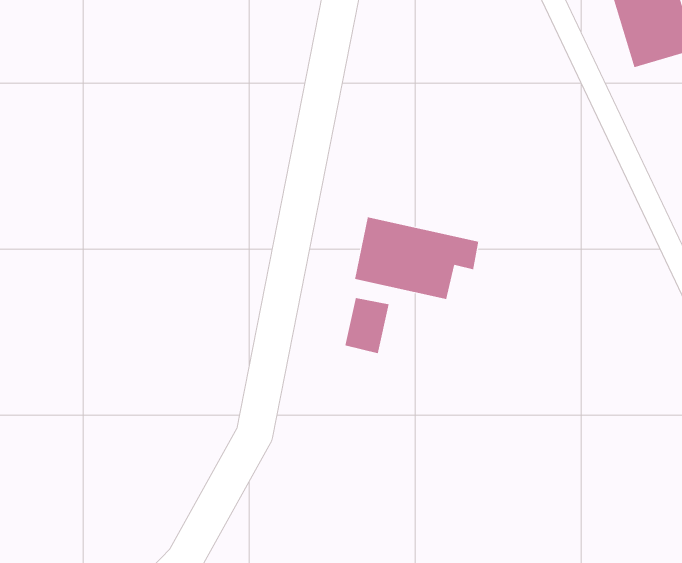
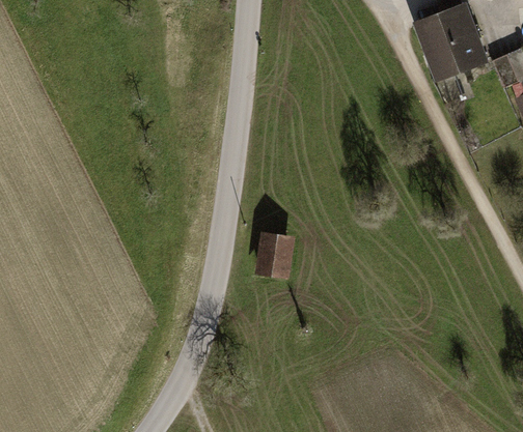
building: [354,216,479,300] -> none

